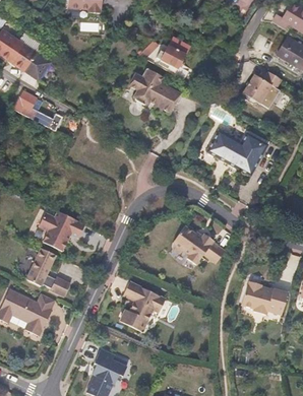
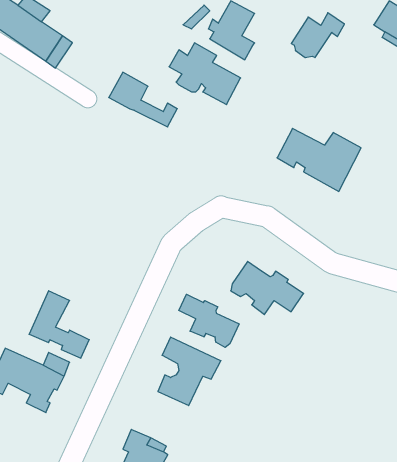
building: [242,70,281,103] -> [291,13,344,58]
building: [12,89,62,129] -> [109,72,177,127]
building: [39,209,84,250] -> none
building: none -> [179,294,239,347]
building: [241,280,288,314] -> none

